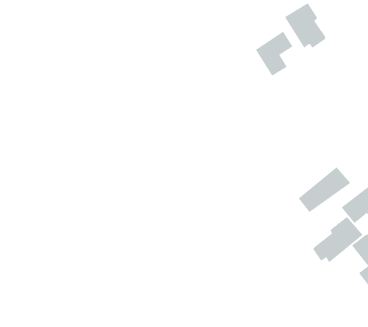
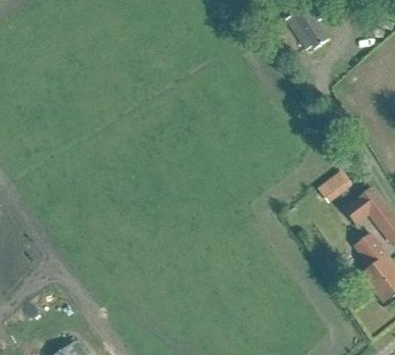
building: [255,31,293,77] -> none
building: [312,216,363,263] -> none

